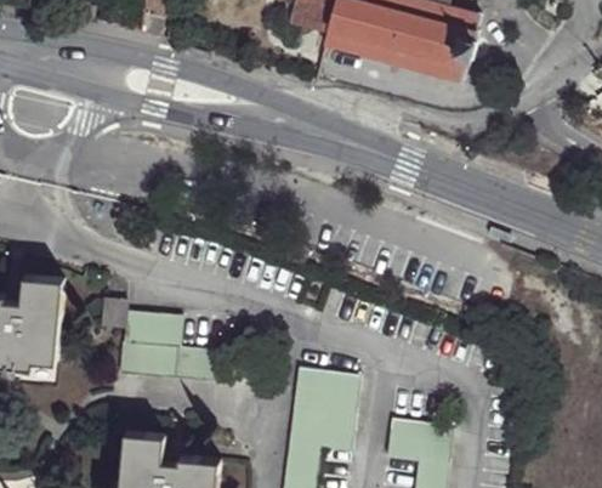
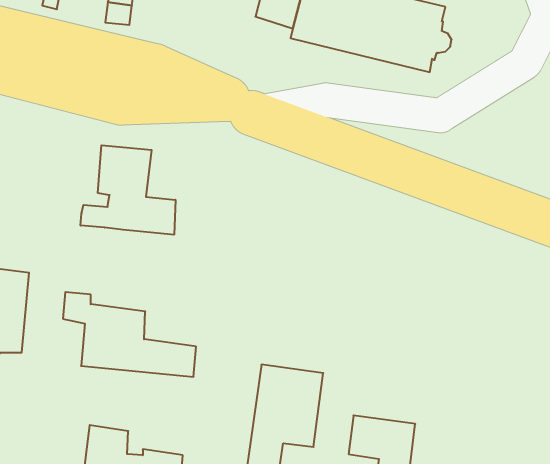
building: none -> [81,145,175,235]

